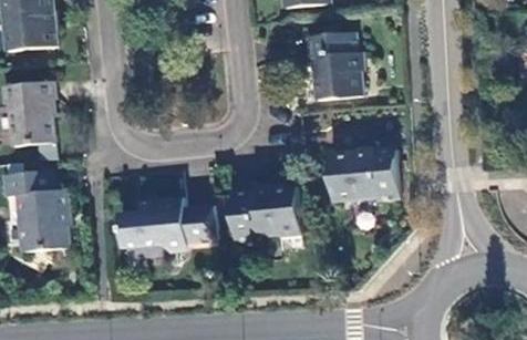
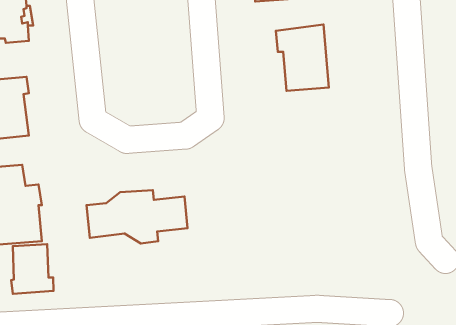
building: [328,150,397,199] -> none
building: [229,187,299,241] -> none
building: none -> [11,244,53,294]

